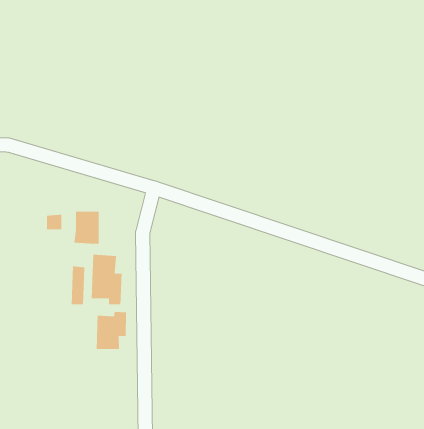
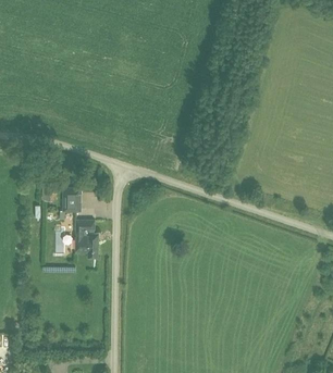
building: [96,311,126,350] -> none

